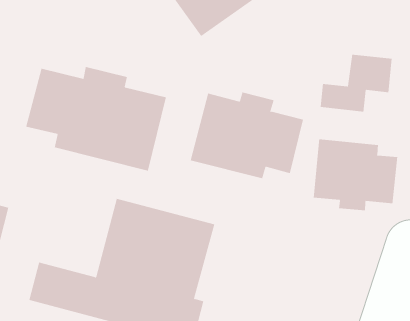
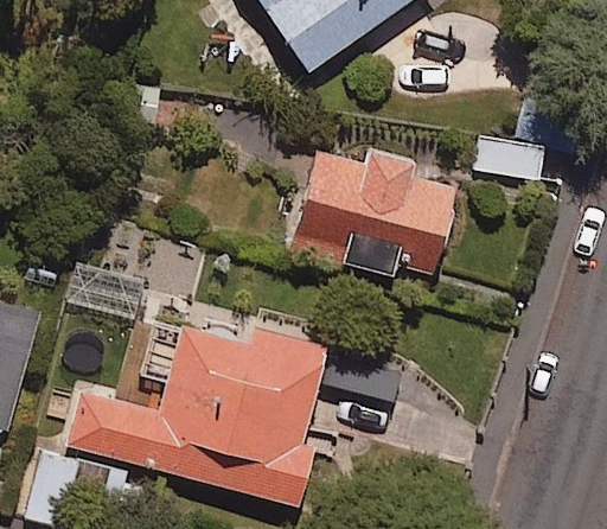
building: [26,66,166,171] -> none
building: [313,138,398,211] -> none

